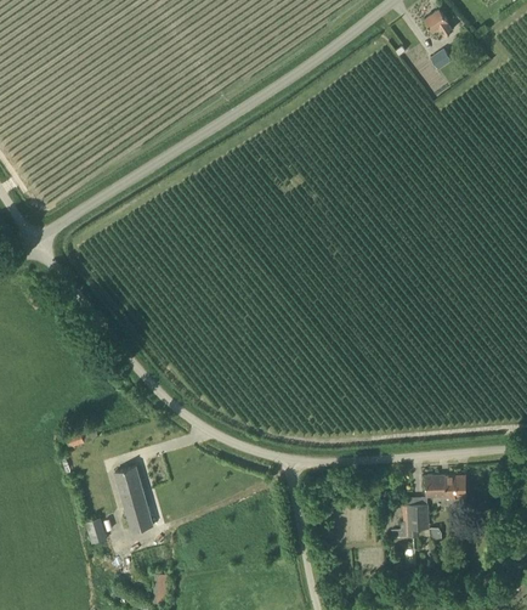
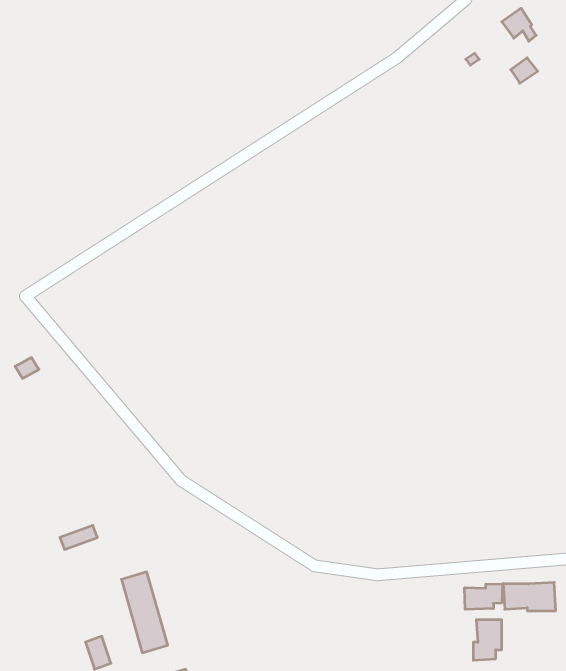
building: none -> [465,584,503,609]

